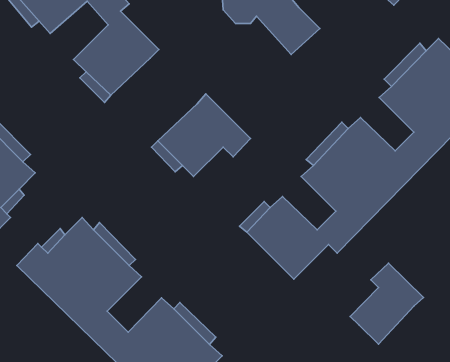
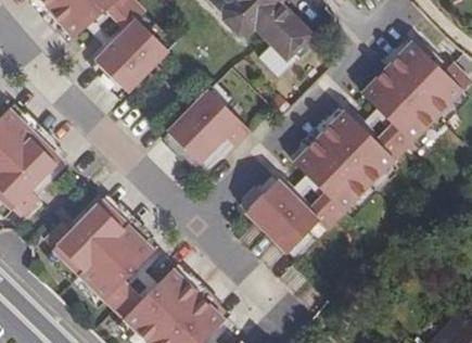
building: [350,263,423,344] -> none

